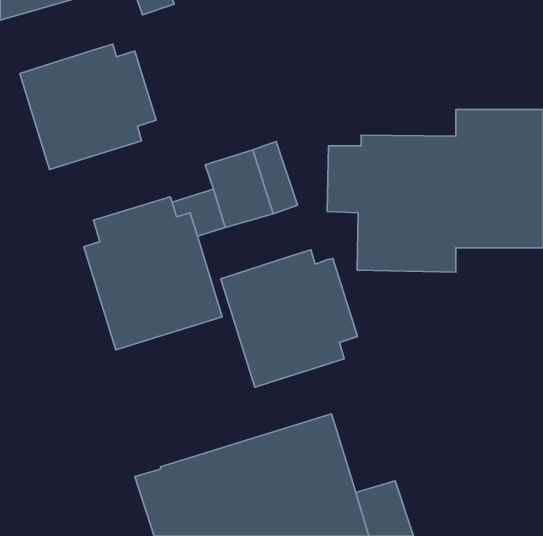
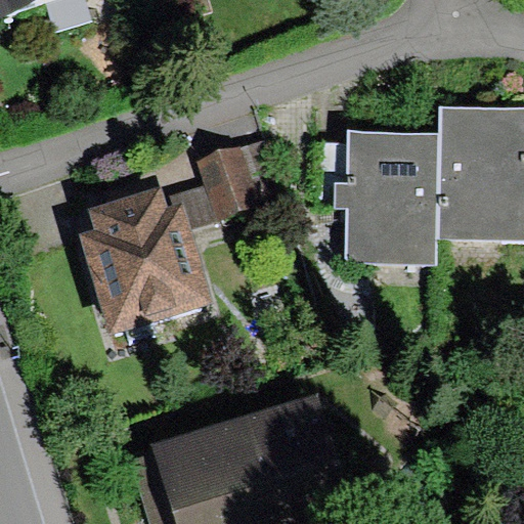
building: [20,44,156,169] -> none
building: [221,250,358,387] -> none

